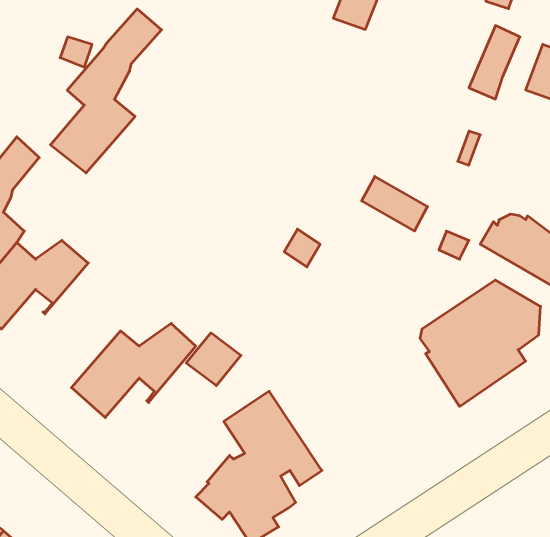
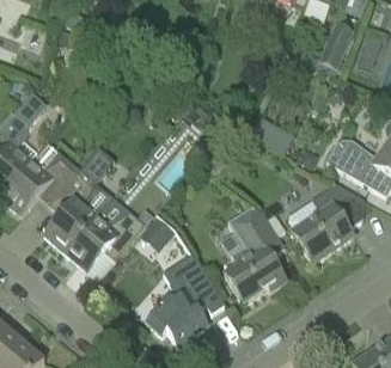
building: [50,9,162,173] -> [43,147,114,251]
building: none -> [224,206,287,302]

